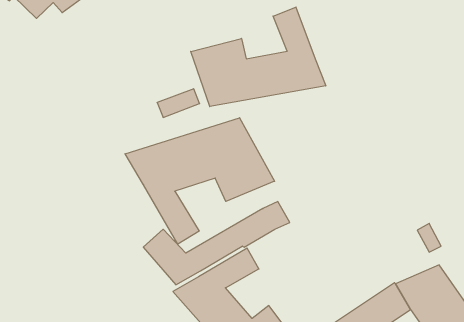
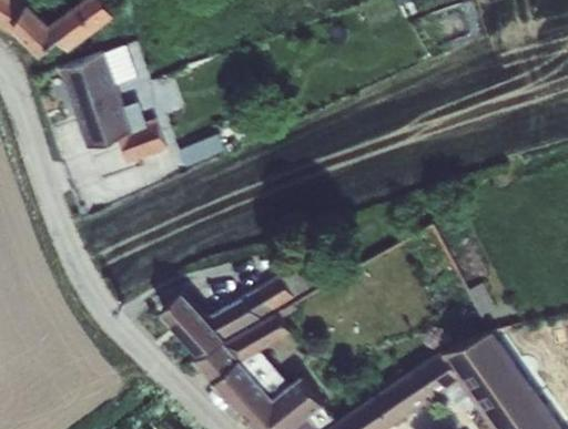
building: [191,7,326,107] -> none
building: none -> [59,51,168,166]
building: [125,118,275,244] -> none

